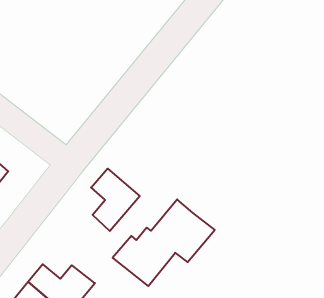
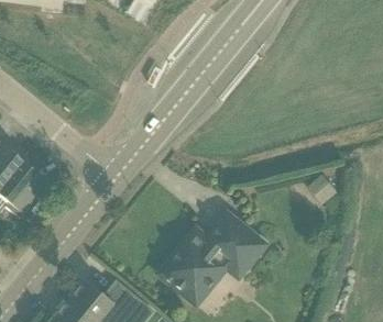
building: [91,169,140,231] -> none

